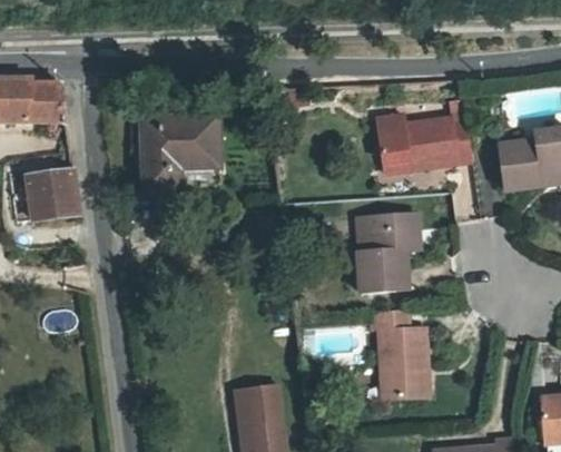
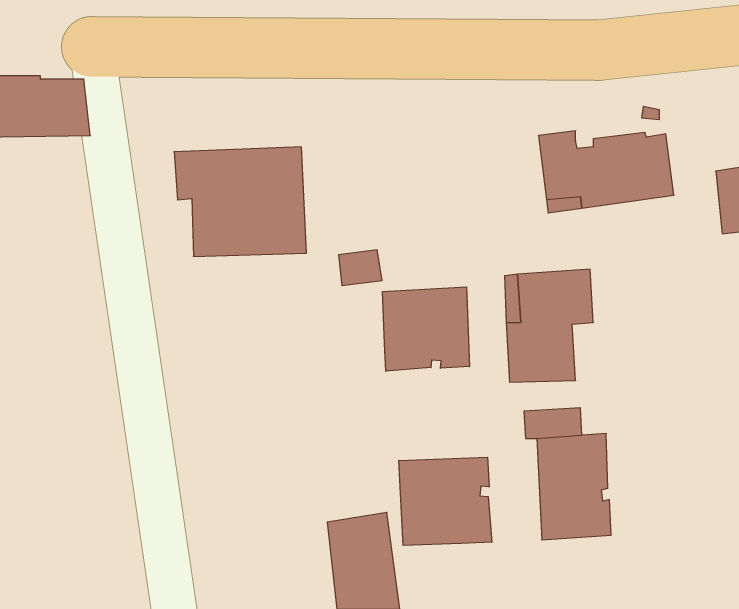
building: [28,168,80,218] -> none
building: none -> [383,287,470,371]
building: none -> [399,457,492,545]

